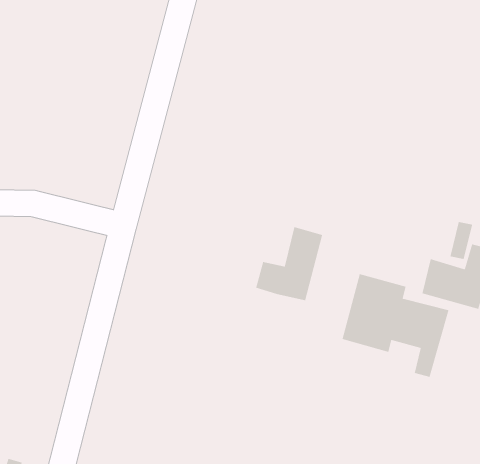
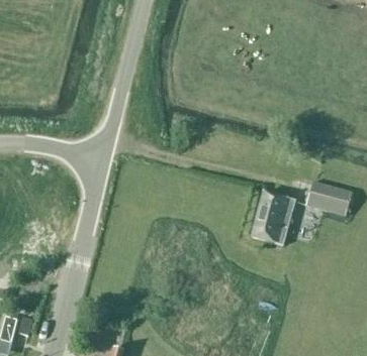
building: [255,226,323,301] -> none

